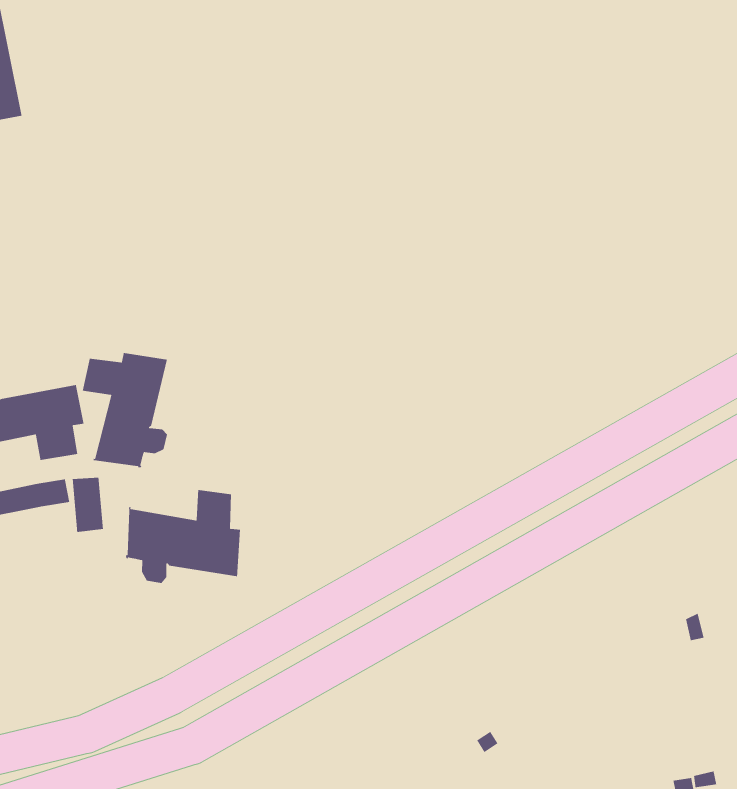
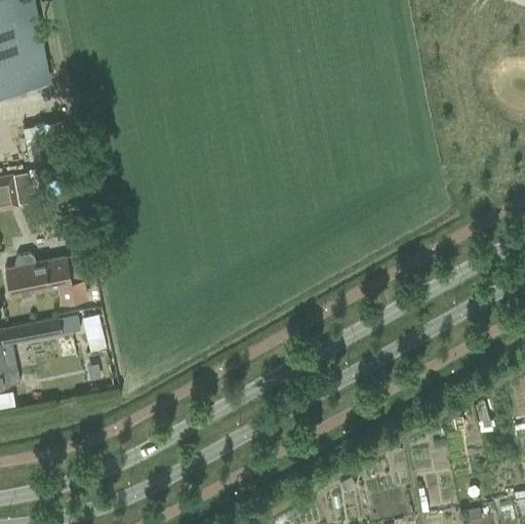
building: [82,352,168,468] -> none
building: [125,489,241,584] -> none

